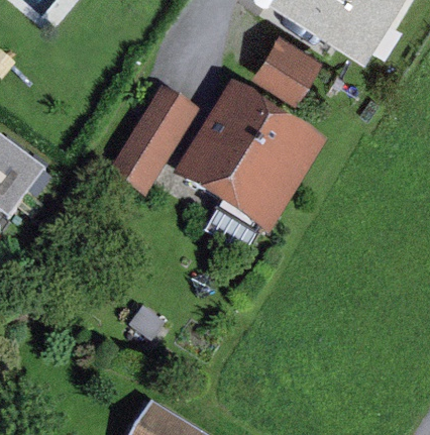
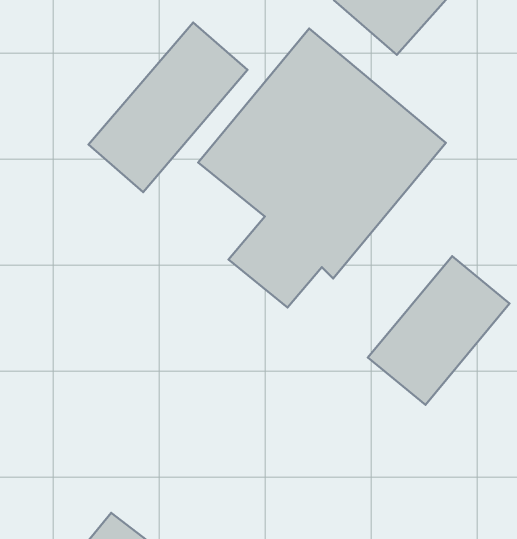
building: none -> [368,256,510,405]

